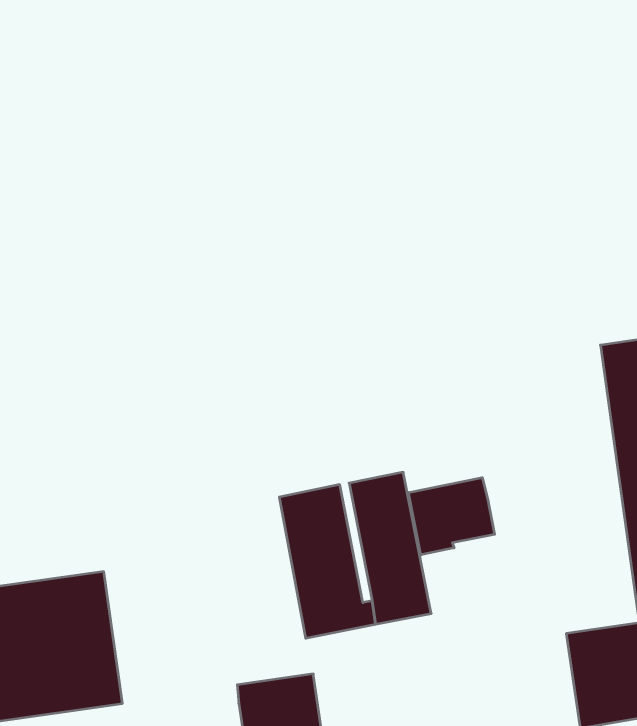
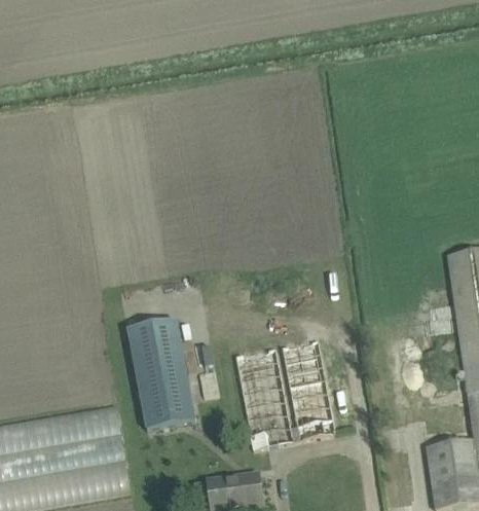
building: none -> [128,321,196,432]
building: [408,478,495,555] -> none

